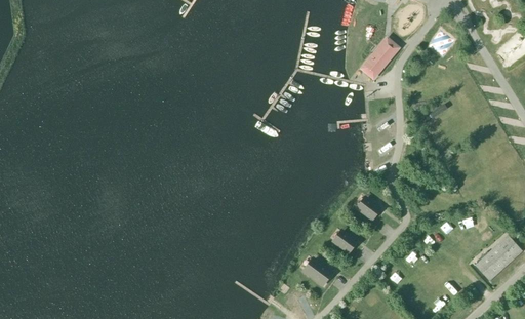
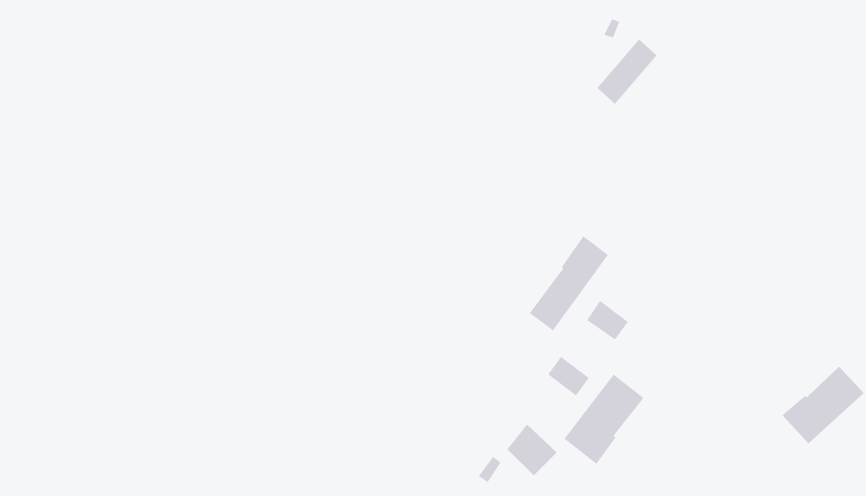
building: none -> [529,235,609,331]
building: none -> [564,373,645,465]

